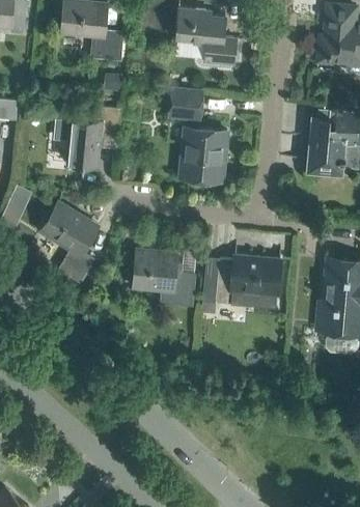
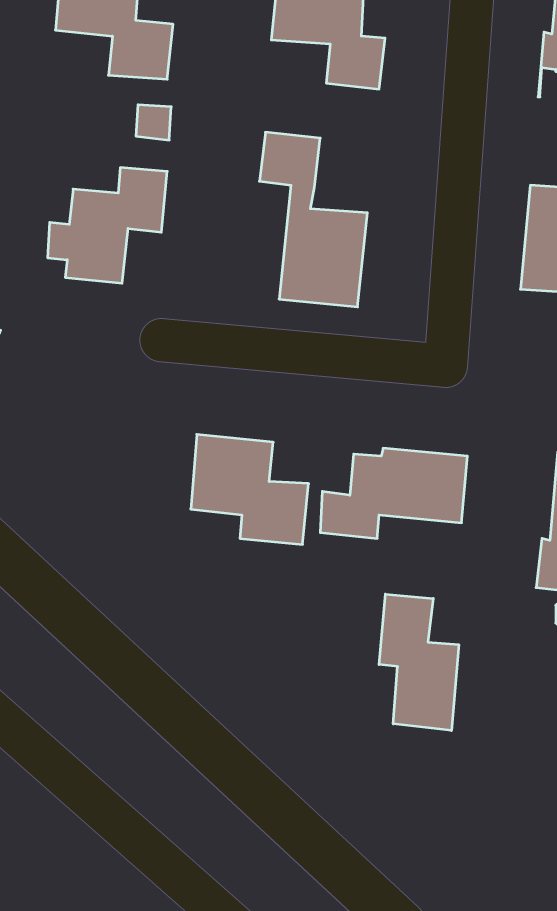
building: [41,203,98,284] -> none
building: none -> [379,594,459,731]

